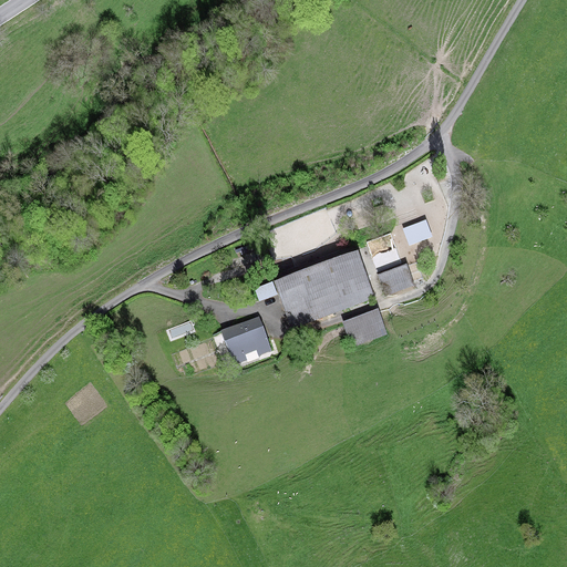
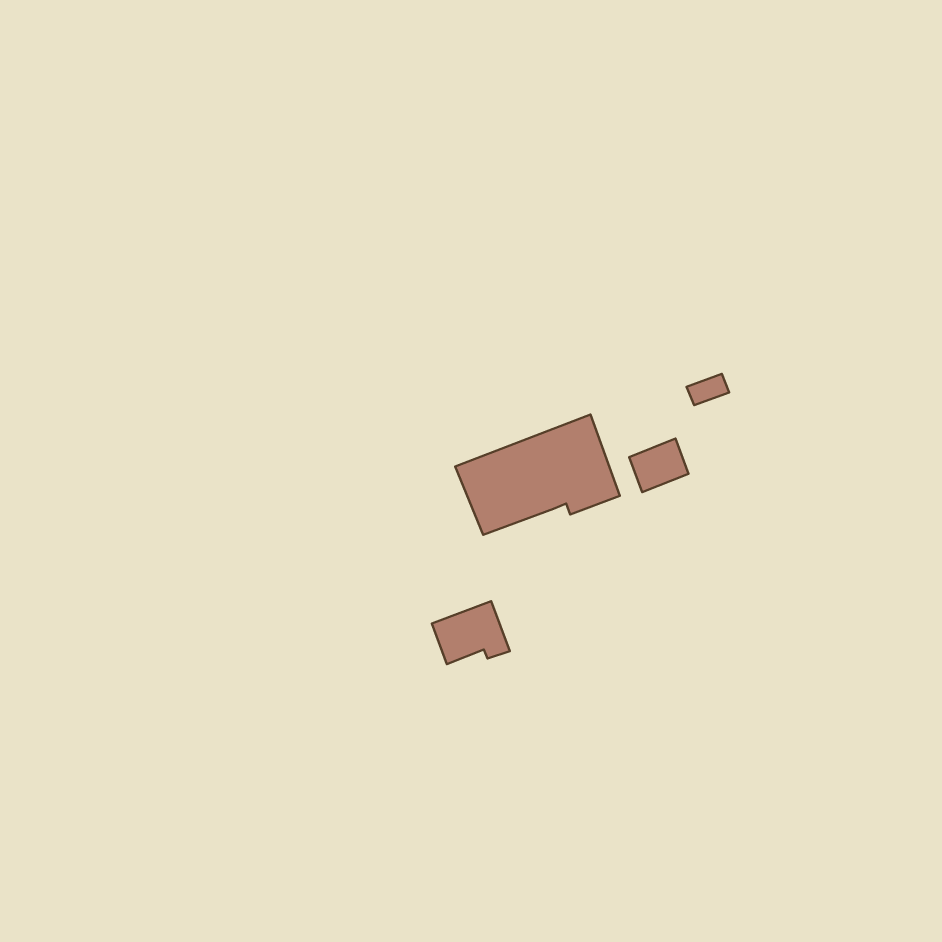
building: [346,311,386,346] -> none
building: [226,320,272,358] -> [432,601,510,664]

